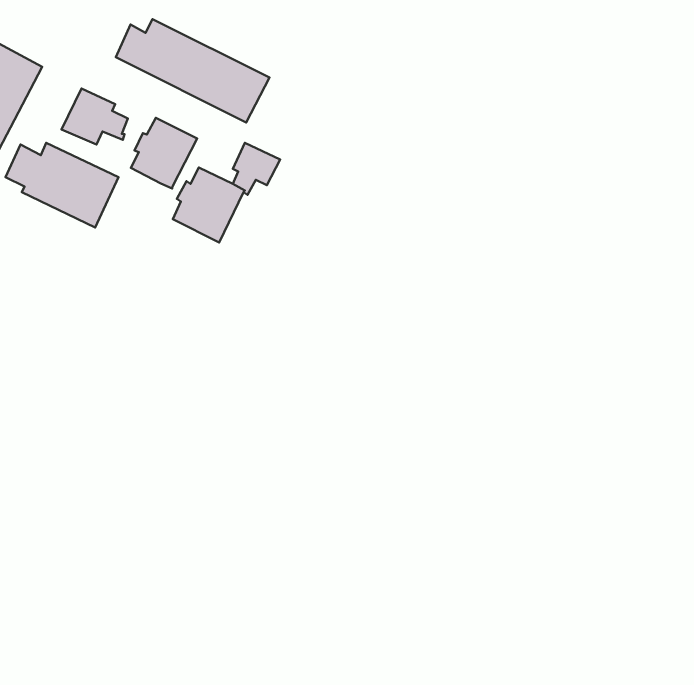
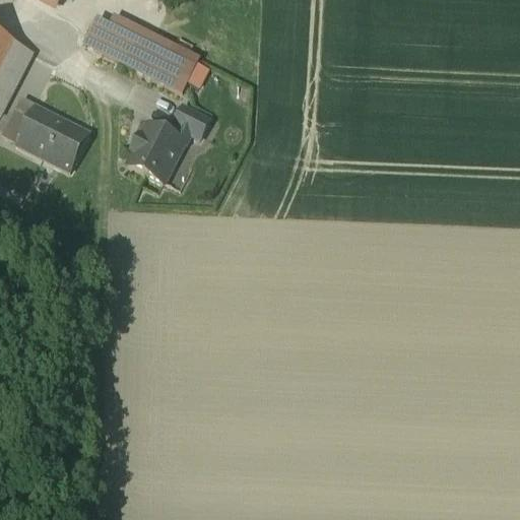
building: [62,88,128,144] -> none
building: [131,118,197,188] -> none

